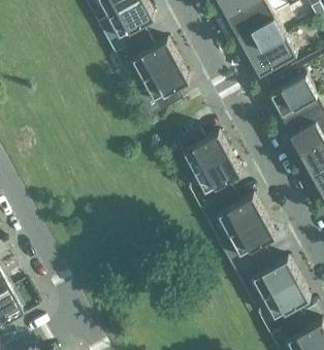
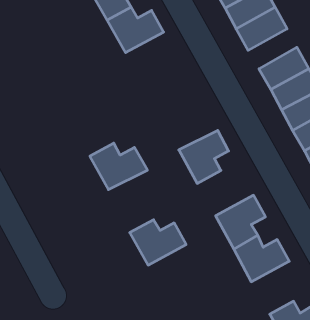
building: [142,60,190,112] -> none
building: [175,128,230,172] -> [90,143,147,190]
building: [210,192,264,235] -> [130,220,186,265]
building: [262,279,310,329] -> none

